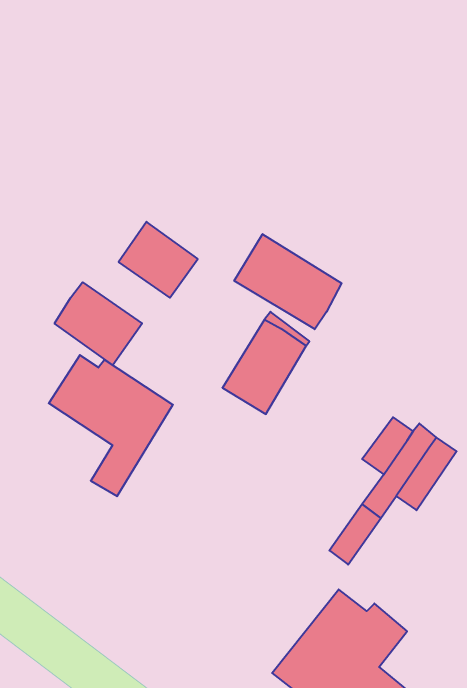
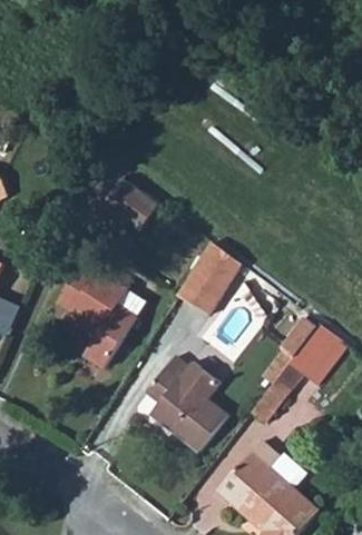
building: [234,234,342,329] -> none
building: [55,282,142,365] -> none
building: none -> [143,359,226,454]

